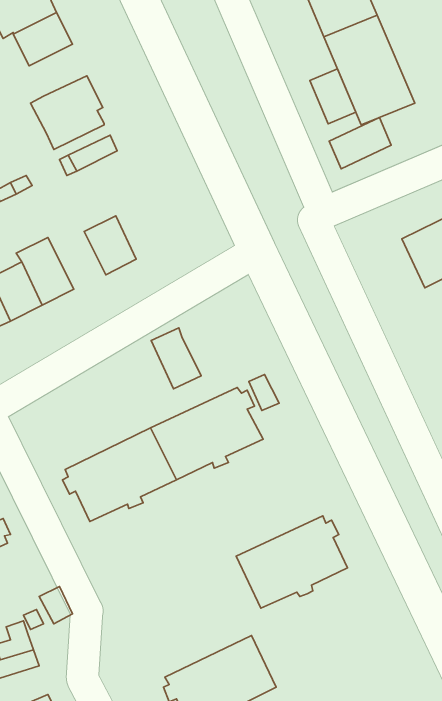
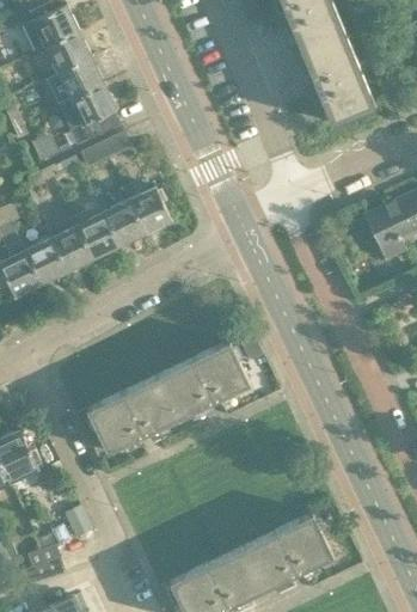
building: none -> [56,57,104,100]
building: [310,69,356,124] -> none
building: [329,118,391,169] -> none
building: none -> [128,188,172,235]
building: none -> [72,206,119,261]
building: [151,328,201,389] -> none
building: [236,516,347,608] -> [240,514,332,590]

